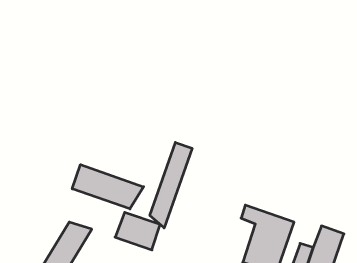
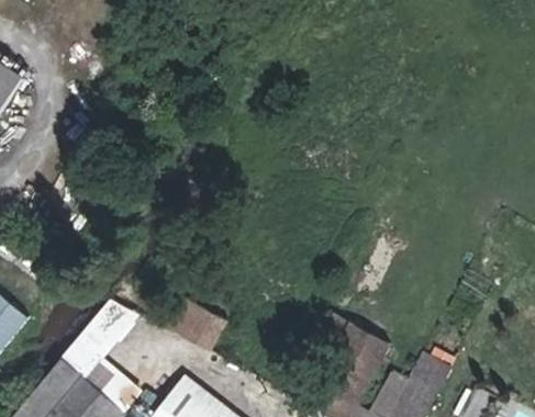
building: [150,142,192,228] -> none
building: [72,165,144,209] -> none

